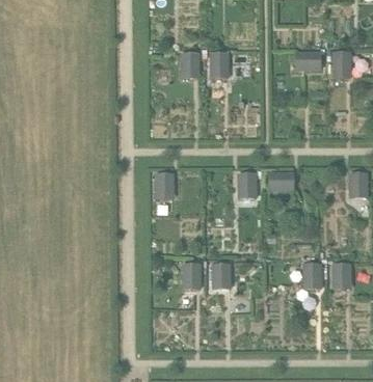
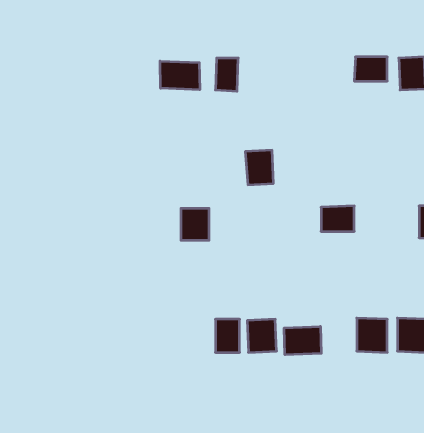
building: [207,51,230,79] -> none
building: none -> [160,61,200,90]
building: [234,172,257,200] -> [245,150,273,185]
building: none -> [284,326,321,355]

